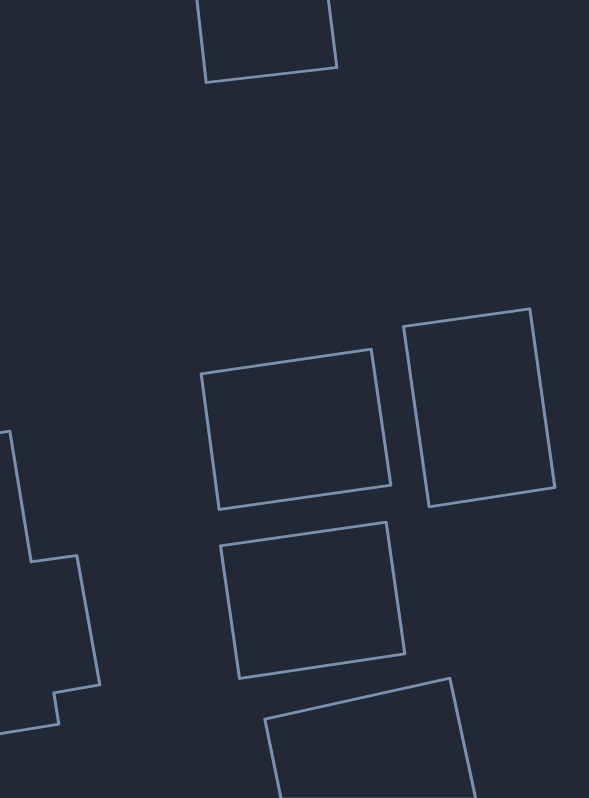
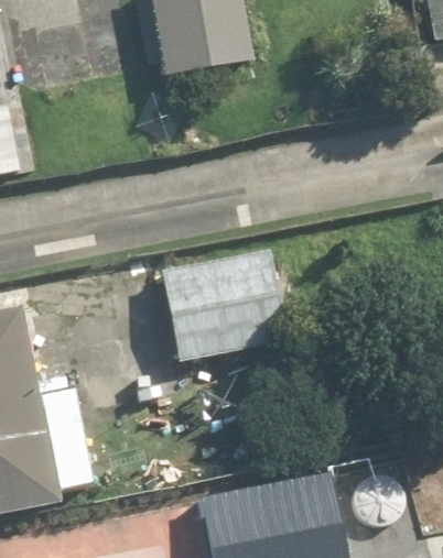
building: [403,309,555,507] -> none
building: [221,522,405,679] -> none

